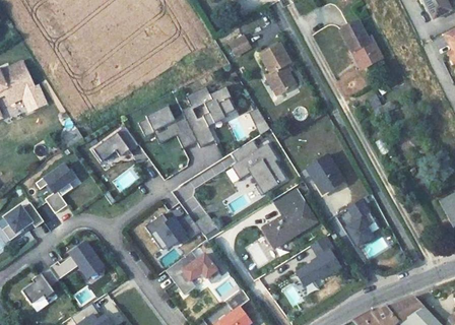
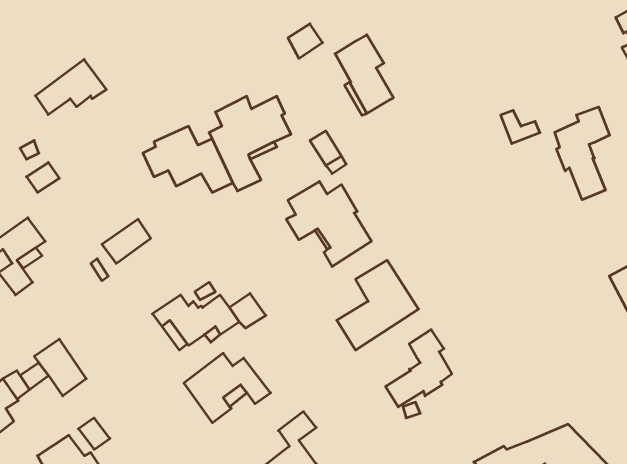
building: [344,26,385,74] -> none
building: none -> [555,107,610,200]
building: [93,124,139,159] -> [35,59,106,115]
building: [308,155,343,192] -> none
building: [346,196,376,246] -> none

